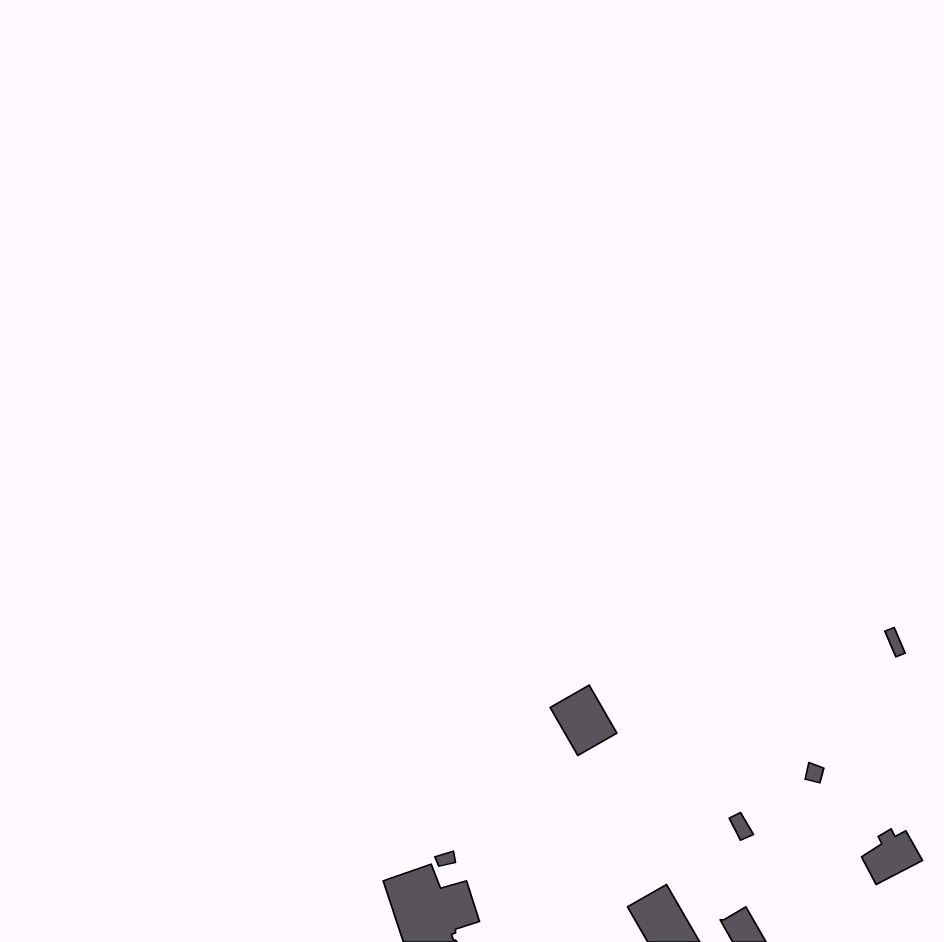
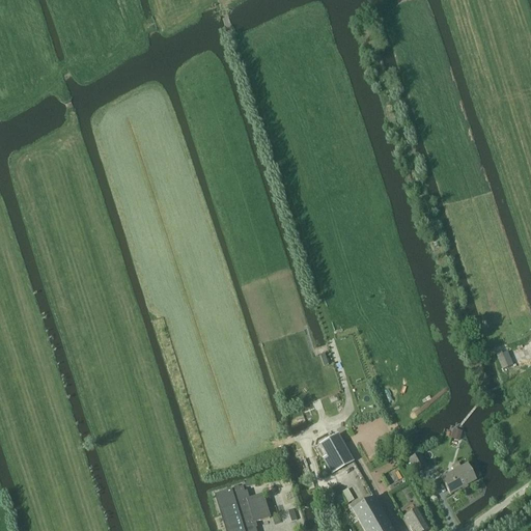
building: [550,685,617,755] -> [316,432,354,472]
building: [861,829,923,885] -> [443,462,477,493]

